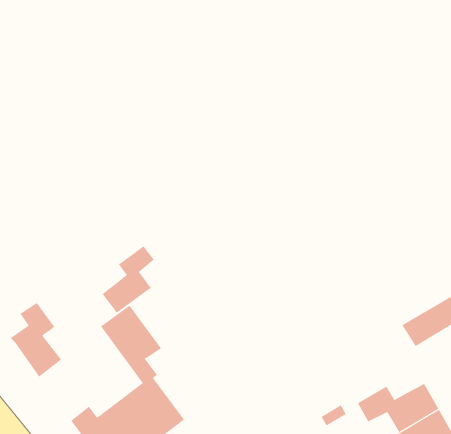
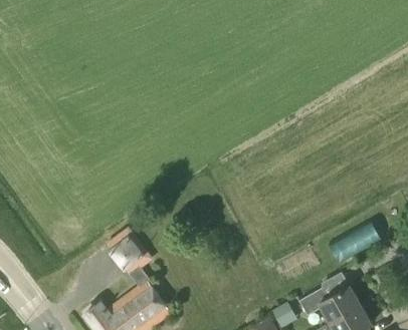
building: [102,245,154,314] -> none
building: [10,302,62,377] -> none

